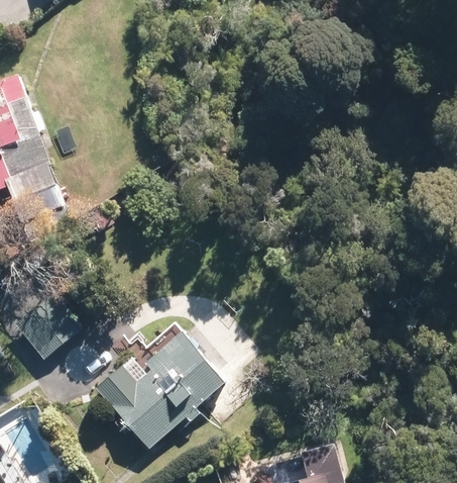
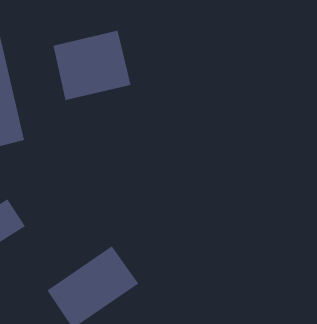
building: none -> [53,30,131,101]

